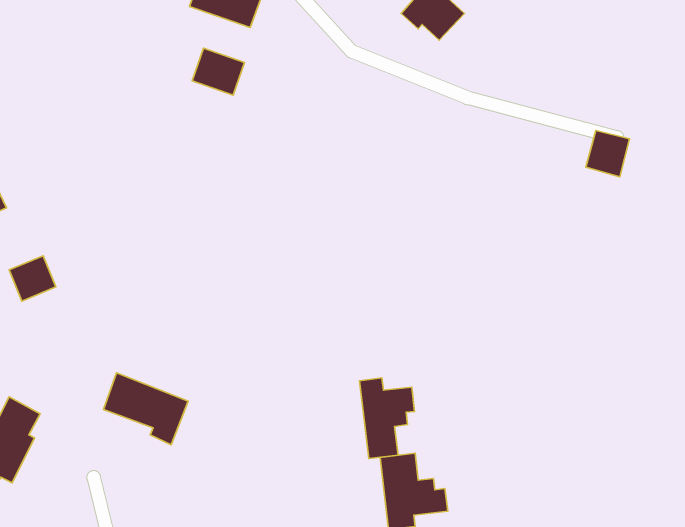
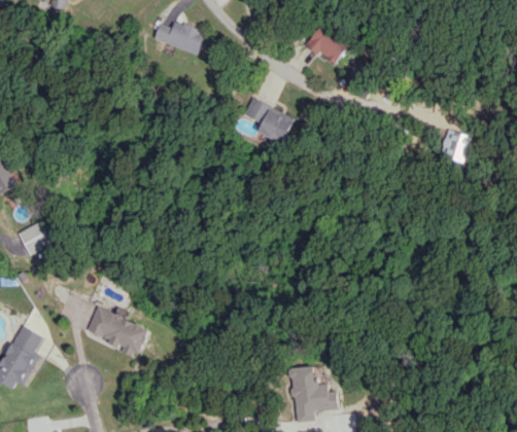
building: [192,48,244,95] -> none
building: none -> [242,100,292,143]
building: [360,378,415,459] -> none

